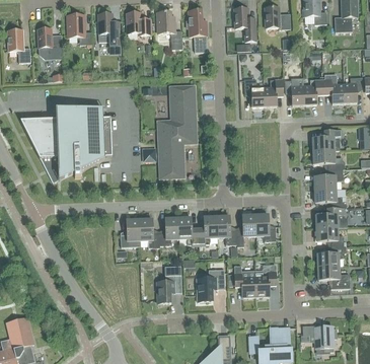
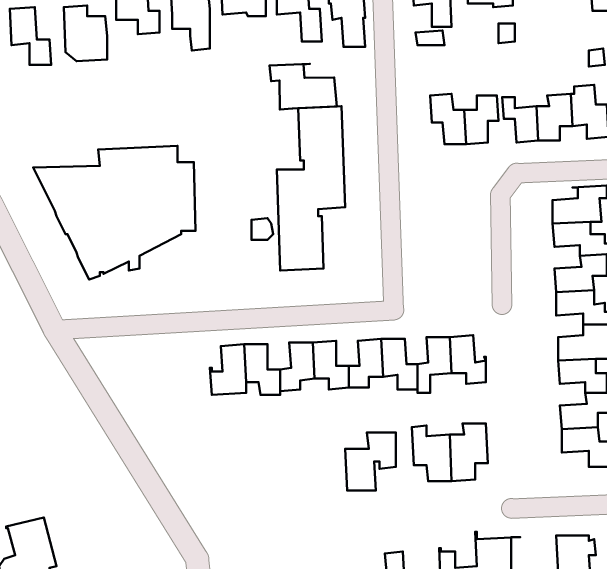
building: none -> [270,64,337,110]
building: [156,266,181,303] -> none

